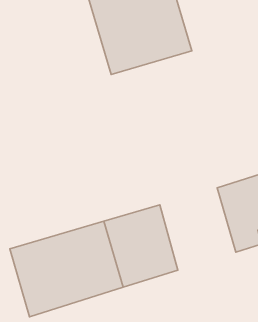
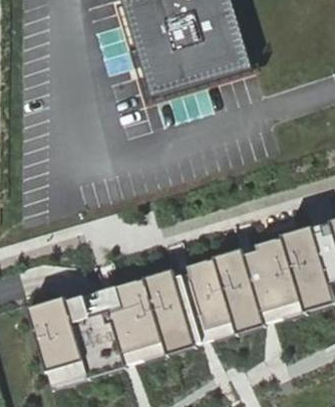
building: none -> [211,234,304,336]

